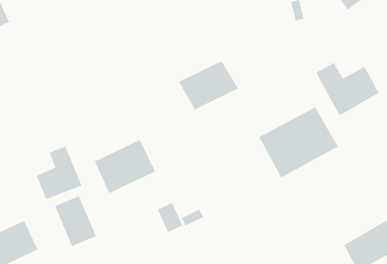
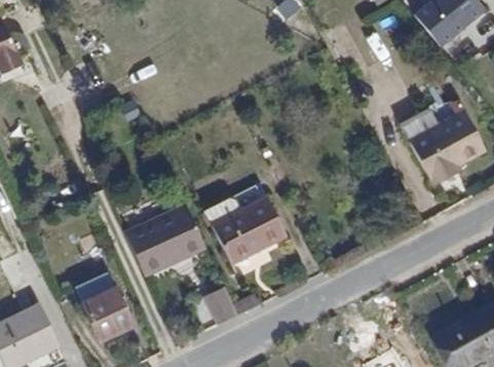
building: [178,60,239,111] -> [210,200,286,263]
building: [258,106,339,179] -> none
building: [35,146,83,200] -> none

